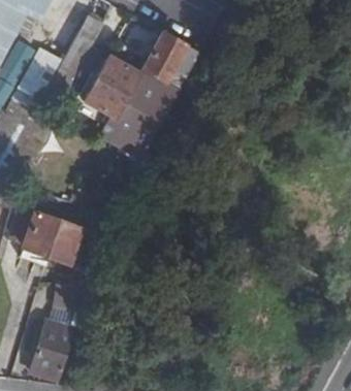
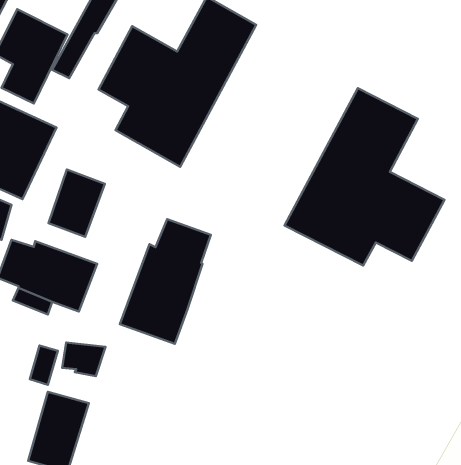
building: none -> [284,88,445,266]
building: none -> [48,169,105,237]
building: none -> [120,219,211,344]

